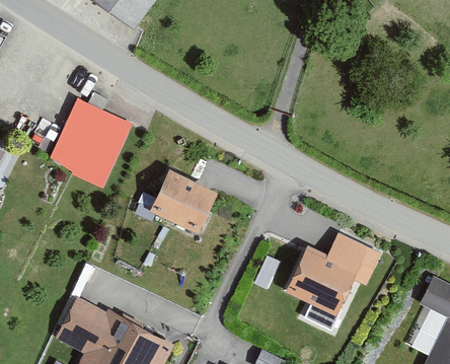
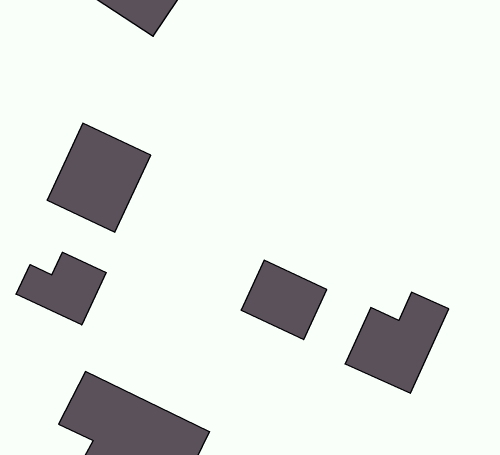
building: [148,171,216,234] -> [241,260,327,340]
building: none -> [16,252,106,325]

